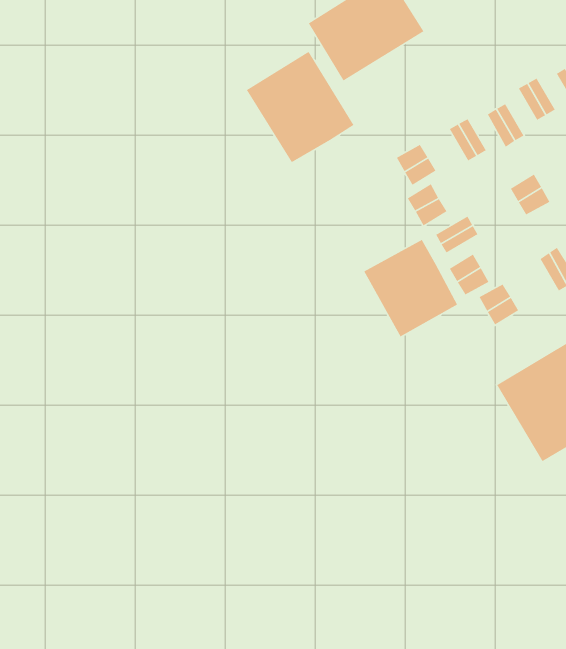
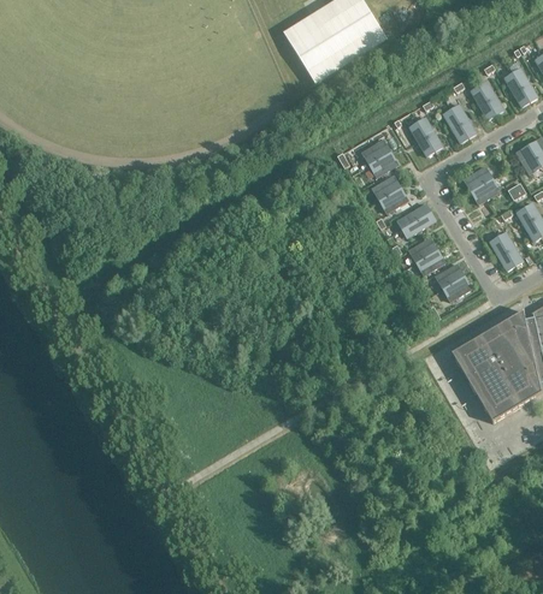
building: [246,51,354,163] -> none
building: [363,239,458,337] -> none

